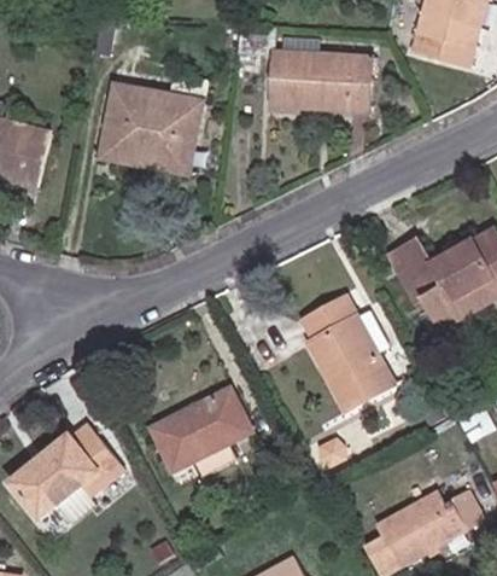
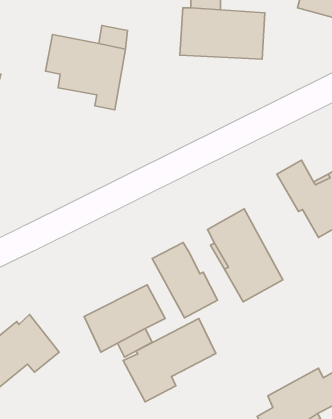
building: [99,127,166,169] -> none
building: none -> [152,242,217,318]
building: none -> [123,318,216,402]

